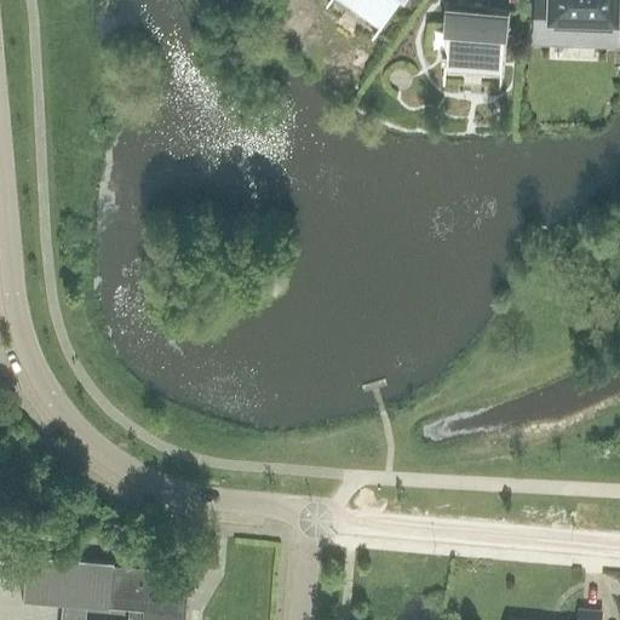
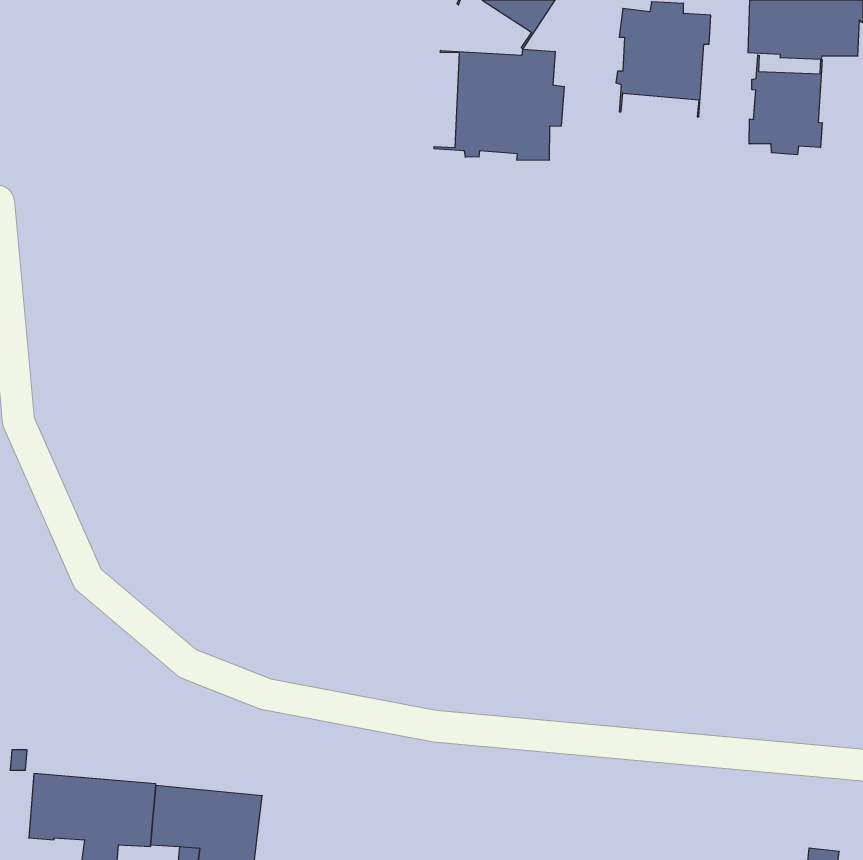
building: none -> [434,49,564,160]
building: none -> [749,55,822,155]

